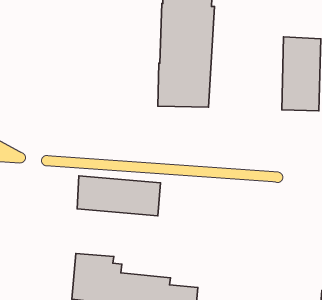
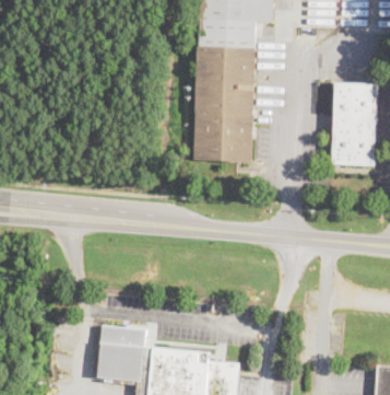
building: [77,176,161,216] -> none

